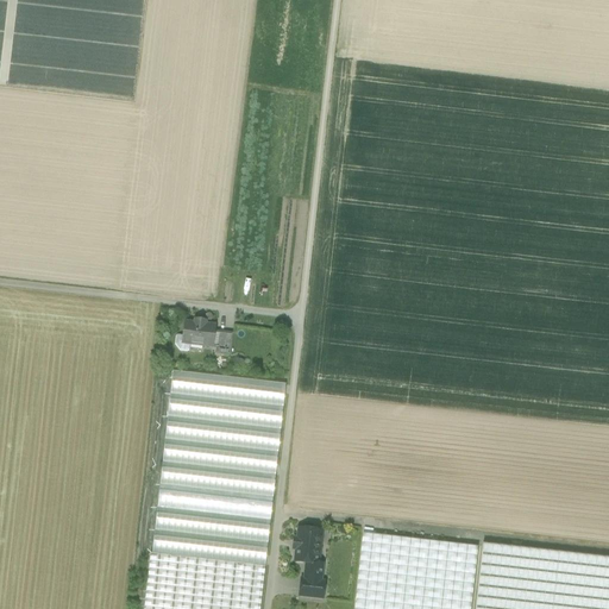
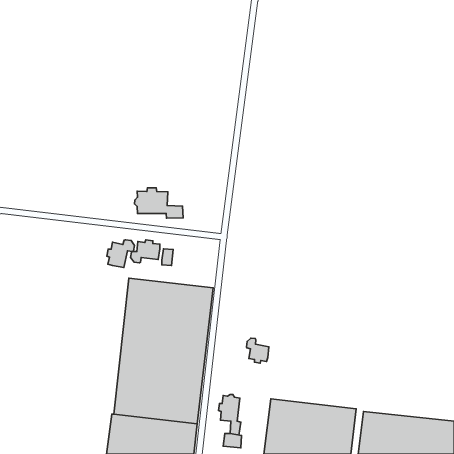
building: none -> [134,188,183,218]
building: none -> [107,240,134,267]
building: none -> [247,338,269,363]

